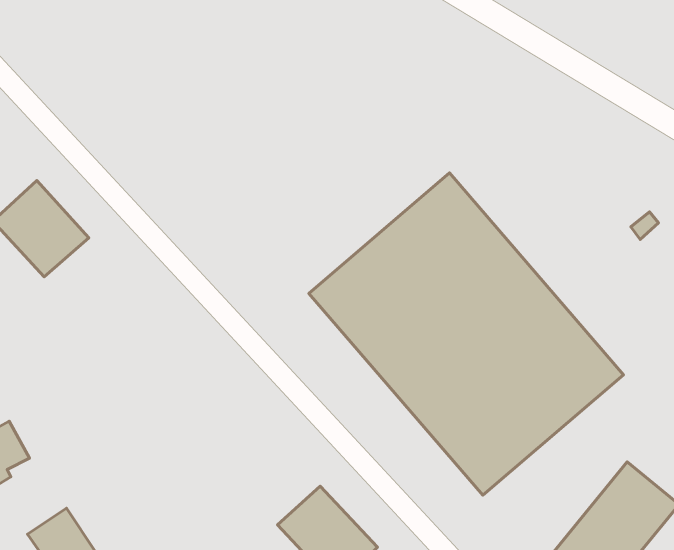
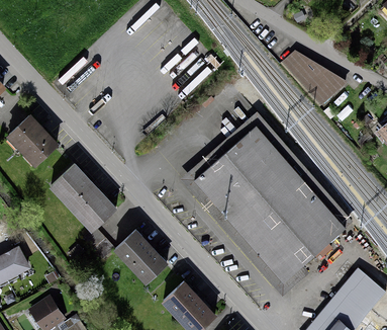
building: none -> [279,51,346,105]
building: none -> [52,164,118,232]
building: none -> [114,229,170,285]

